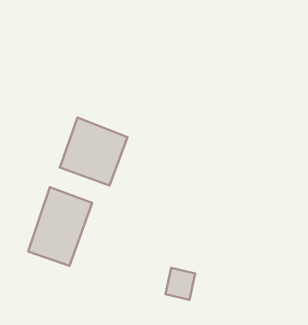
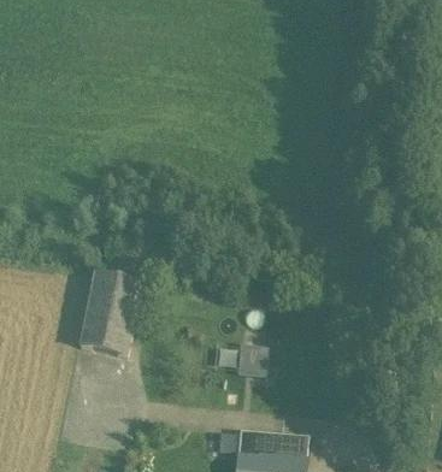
building: [60,117,128,185] -> none

